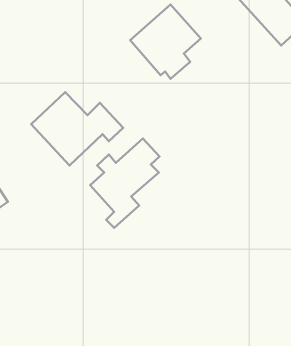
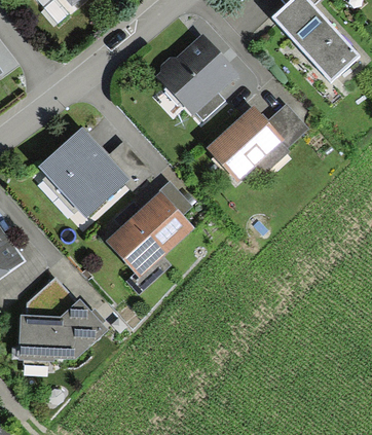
building: none -> [207,102,307,180]
building: none -> [18,281,104,359]

